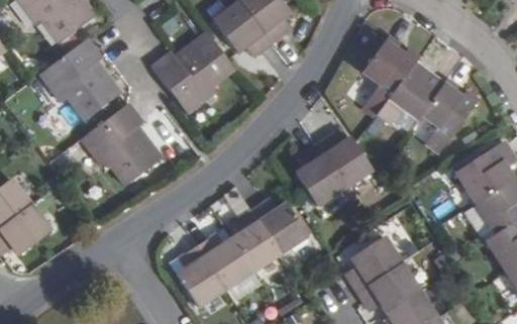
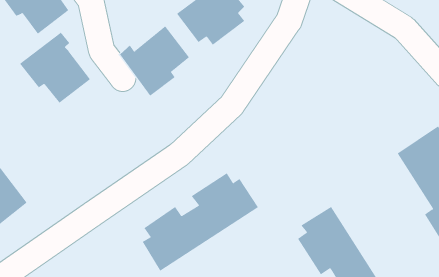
building: [367,38,479,155] -> none
building: [81,104,162,186] -> none
building: [292,130,368,205] -> none

